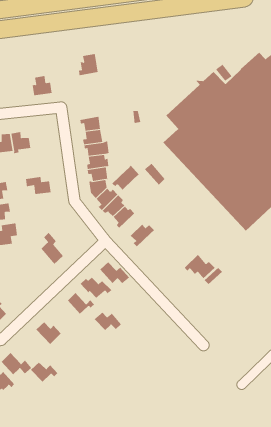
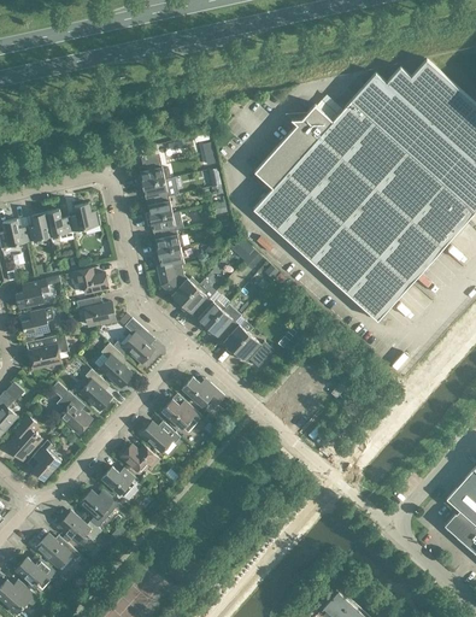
building: [78,54,98,76] -> [136,154,164,187]
building: [32,76,52,96] -> [71,202,100,231]
building: [112,165,140,191] -> [204,304,241,340]
building: none -> [76,298,114,327]
building: none -> [122,318,154,364]
building: none -> [80,370,111,411]
building: [184,254,215,279] -> [230,334,274,368]
building: none -> [52,382,90,434]
building: [94,312,122,331] -> [121,446,159,471]
building: [30,362,58,382] -> [80,490,118,518]

